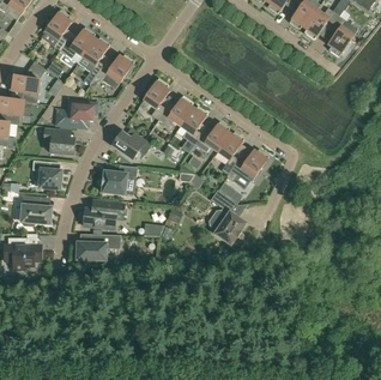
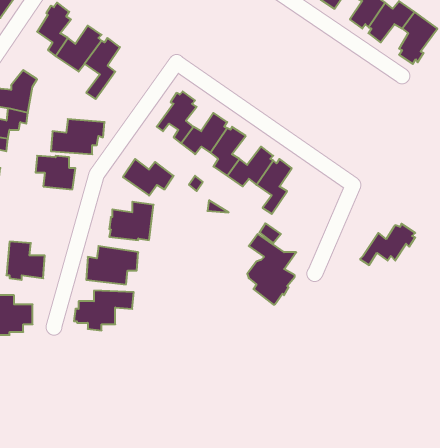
building: [96,54,134,89] -> none
building: [225,149,268,181] -> [360,224,415,265]
building: [31,159,60,188] -> none

